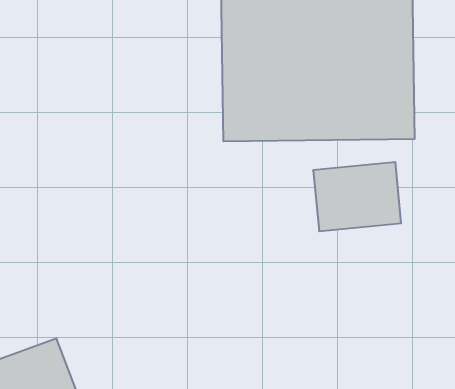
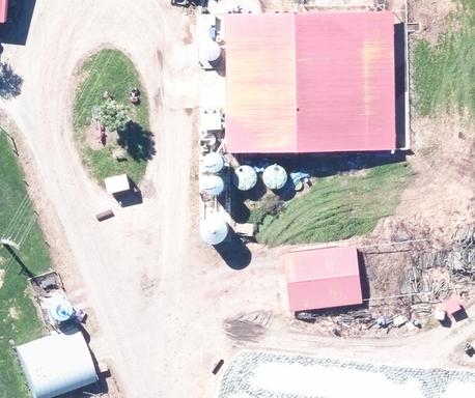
building: [313,162,401,231] -> [284,246,362,307]

